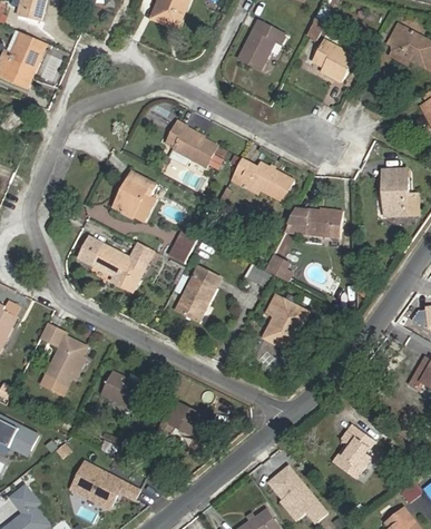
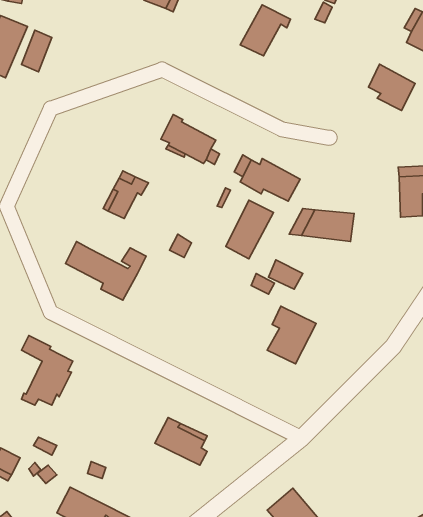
building: [312,39,354,81] -> [369,64,415,110]
building: [176,267,219,321] -> [226,200,273,259]
building: [100,371,145,409] -> none
building: [334,423,375,477] -> none

